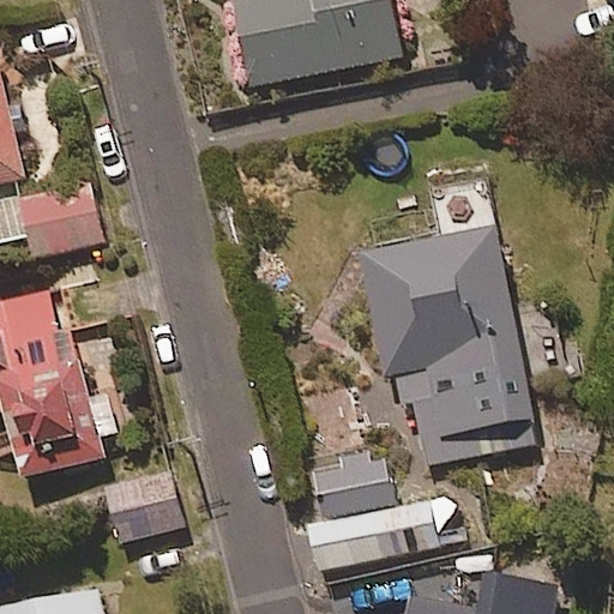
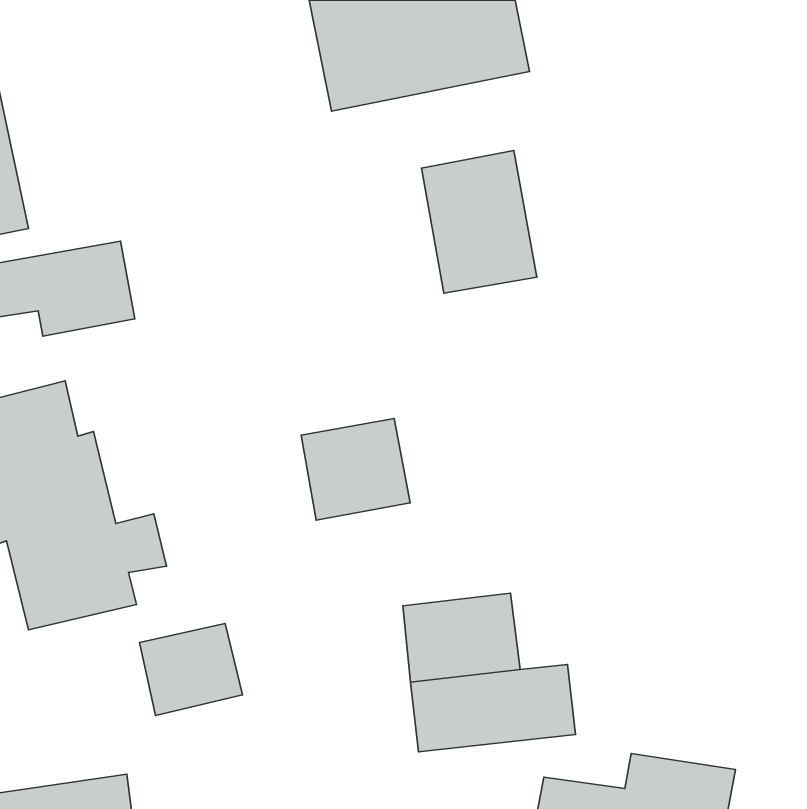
building: none -> [422,150,537,293]
building: [361,225,535,464] -> none
building: none -> [301,418,410,520]

